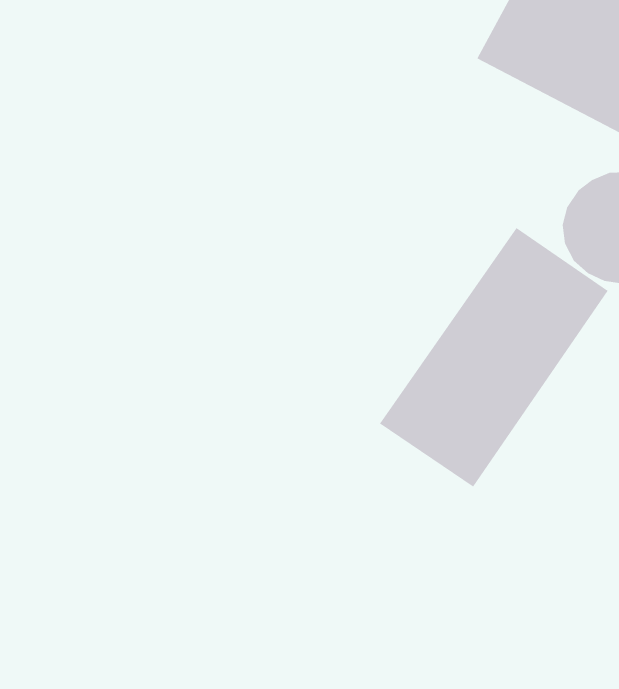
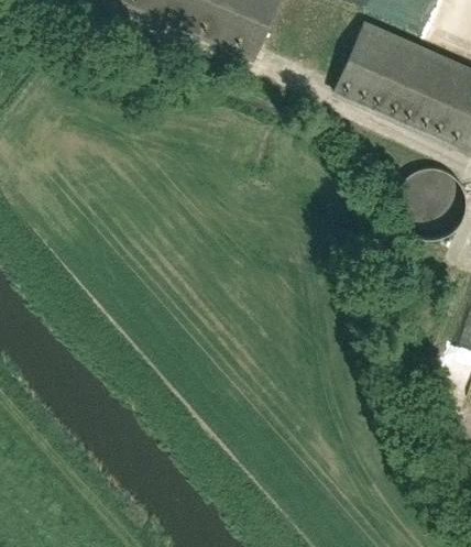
building: [379,227,608,488] -> none

